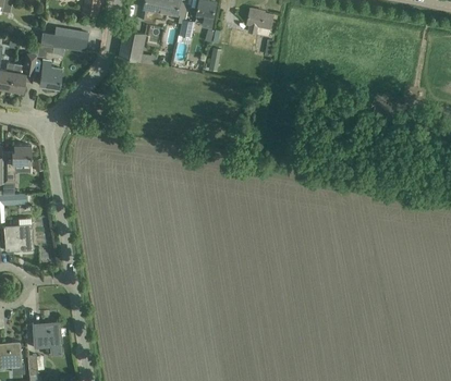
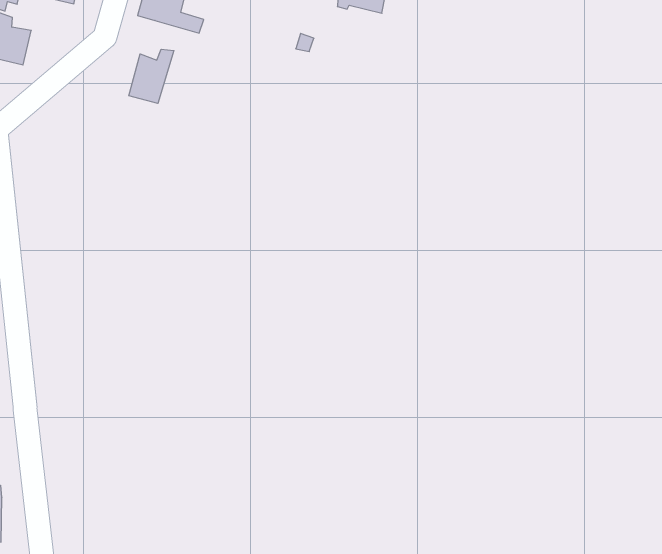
building: none -> [129,49,174,103]

